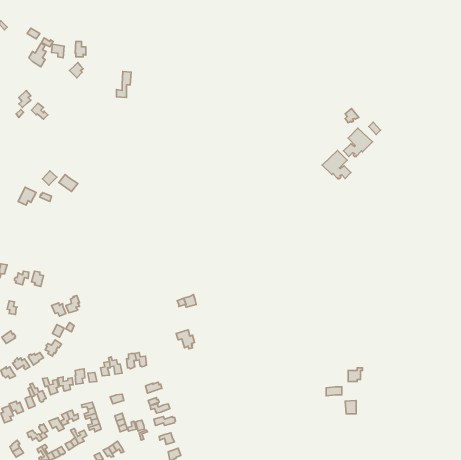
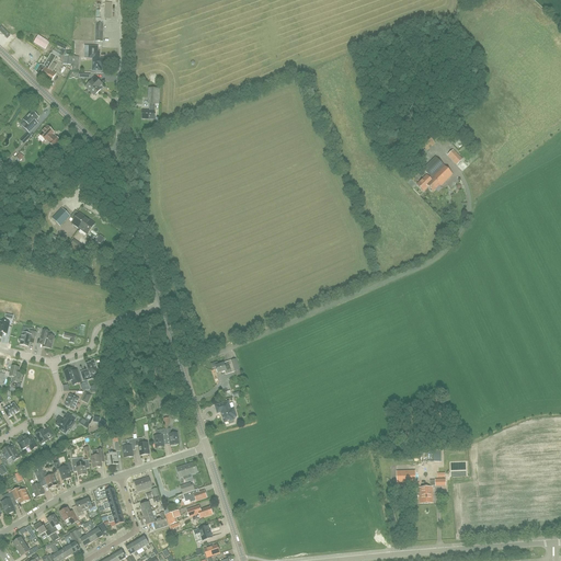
building: [322,151,351,179] -> none

